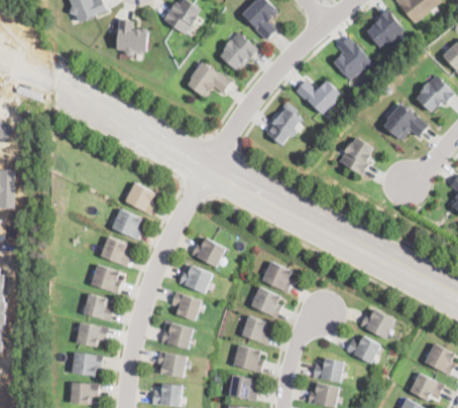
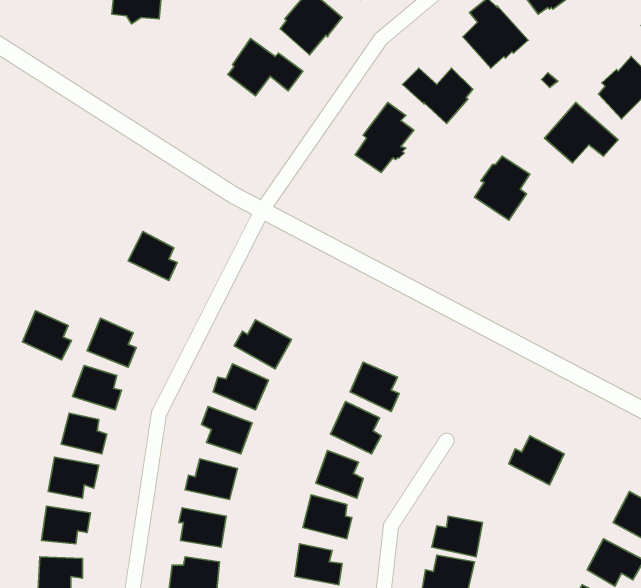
building: [112,209,142,239] -> [22,311,71,360]
building: [345,334,380,364] -> none

